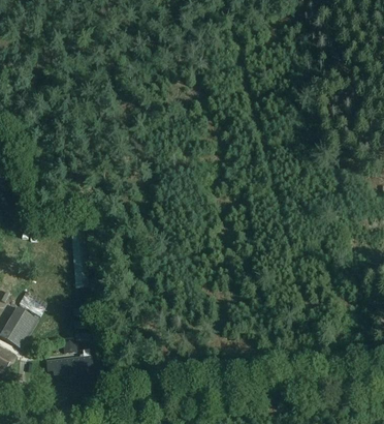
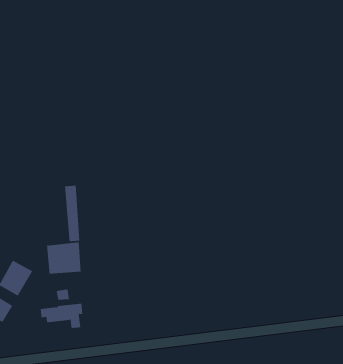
building: none -> [47,242,81,275]

